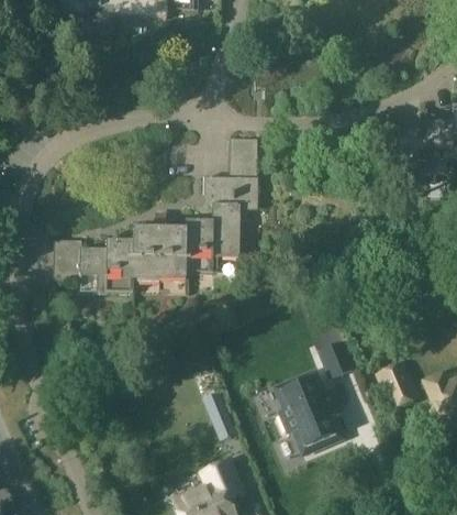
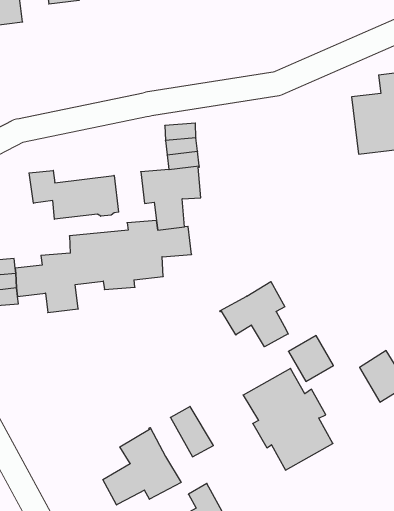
building: none -> [29,170,119,219]
building: none -> [220,282,288,347]
building: none -> [103,428,181,505]

